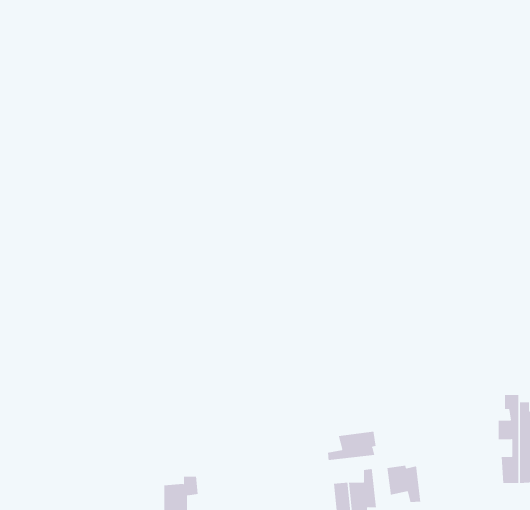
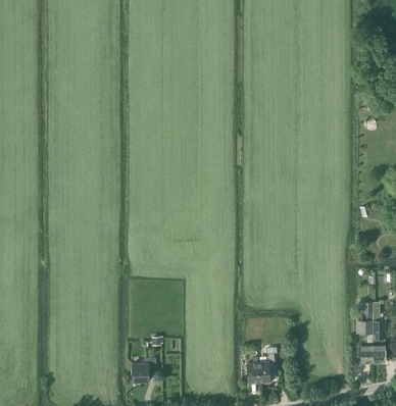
building: [328,431,376,461] -> none
building: [387,465,421,503] -> none

